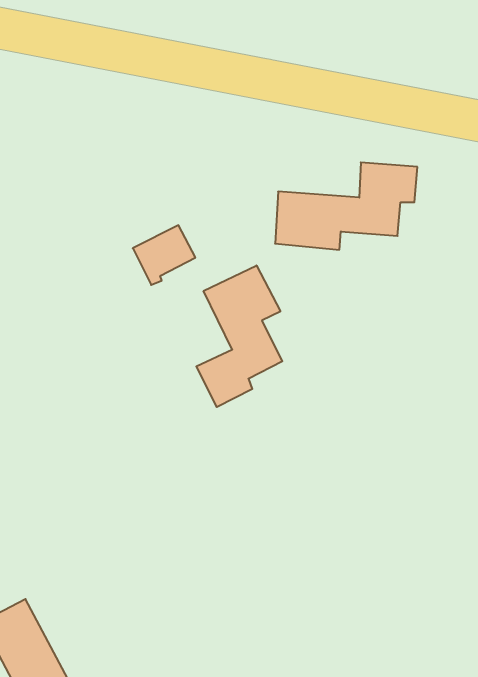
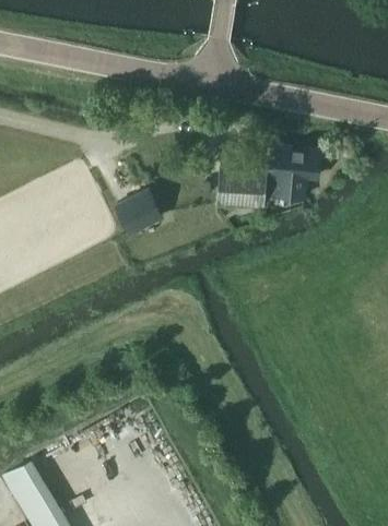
building: [196,265,282,407] -> none

